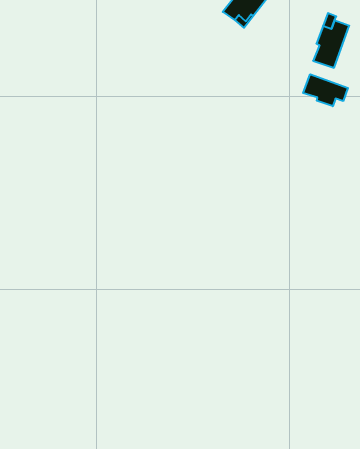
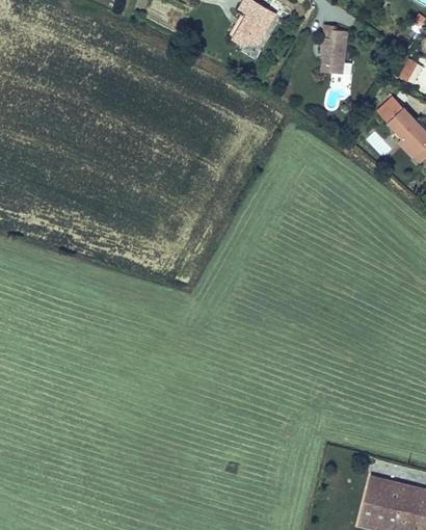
building: [303,74,348,106] -> none

